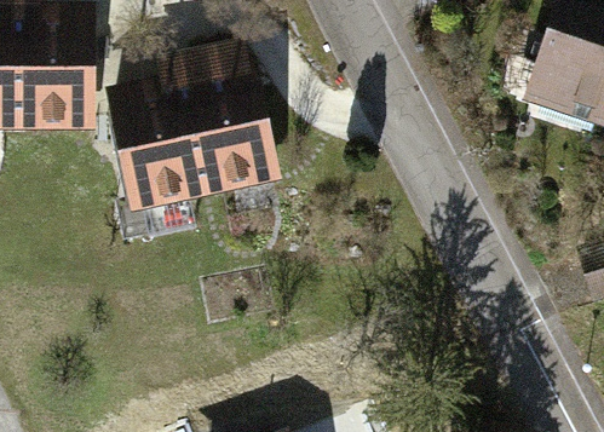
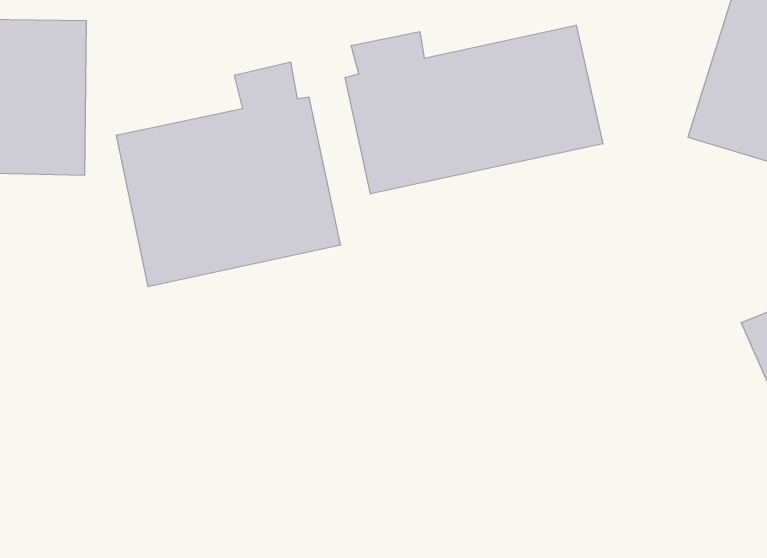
building: none -> [345,25,603,194]

